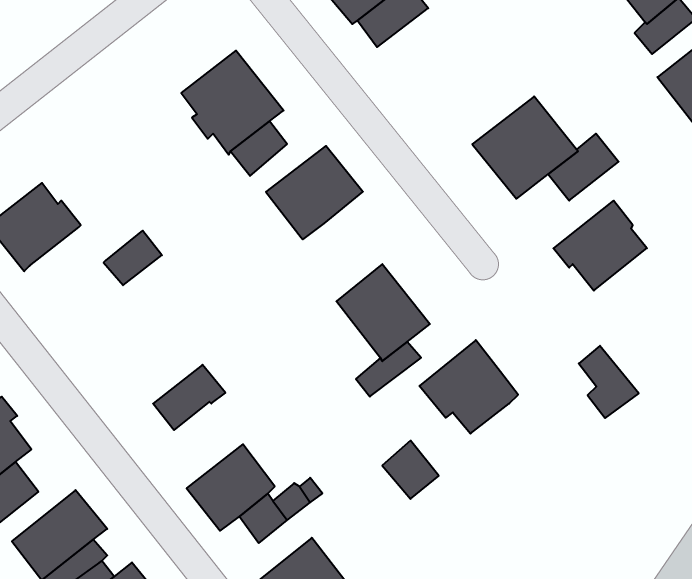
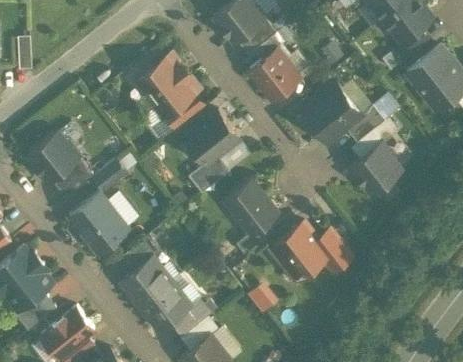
building: none -> [251,50,300,100]
building: none -> [189,156,231,194]
building: none -> [52,158,95,199]
building: none -> [70,193,129,253]
building: [579,346,639,418] -> [319,230,353,271]
building: none -> [122,257,173,306]

